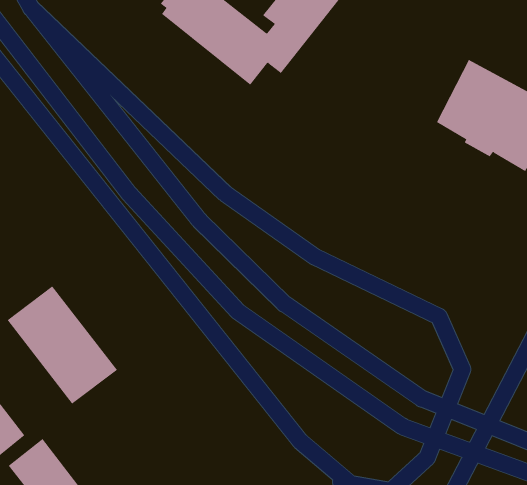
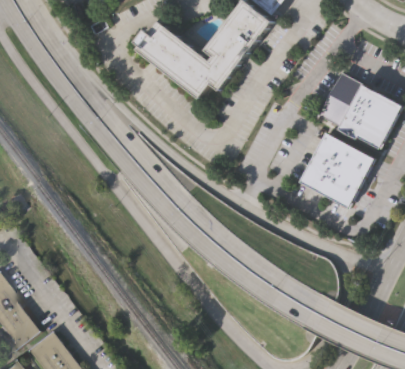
building: none -> [303,134,378,209]
building: [7,286,118,405] -> none

